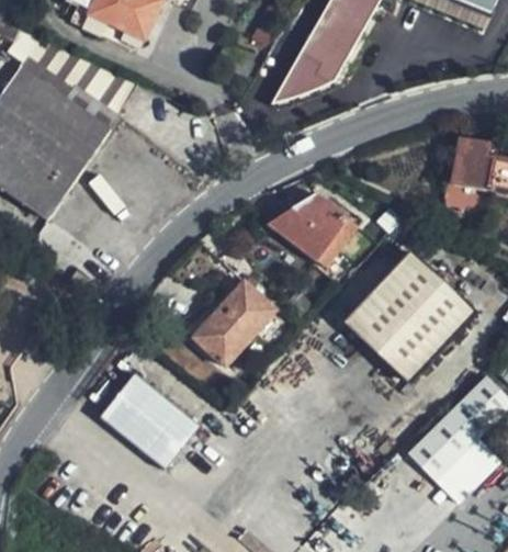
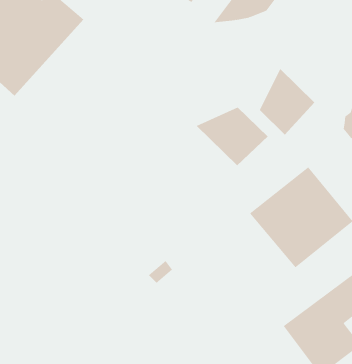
building: none -> [259,68,315,136]
building: [188,281,276,363] -> none
building: [99,372,199,467] -> none

